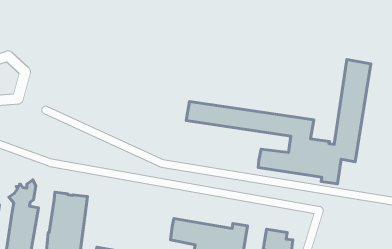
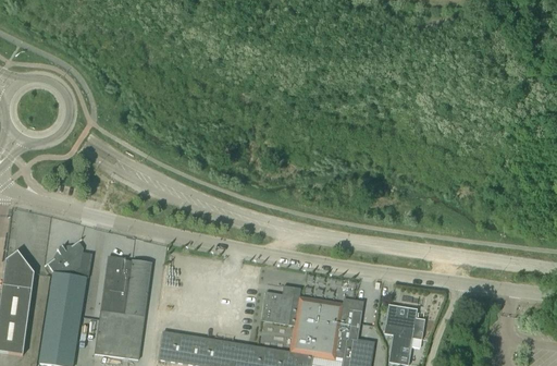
building: [186,60,371,184] -> none

